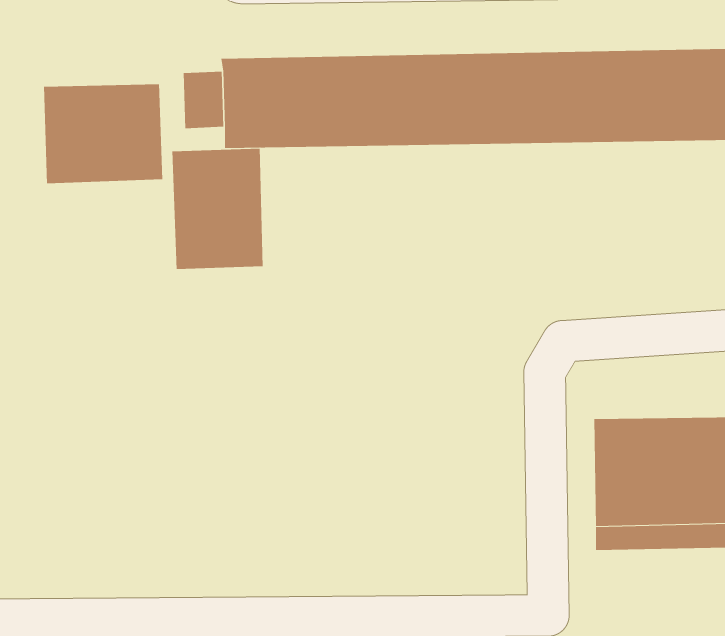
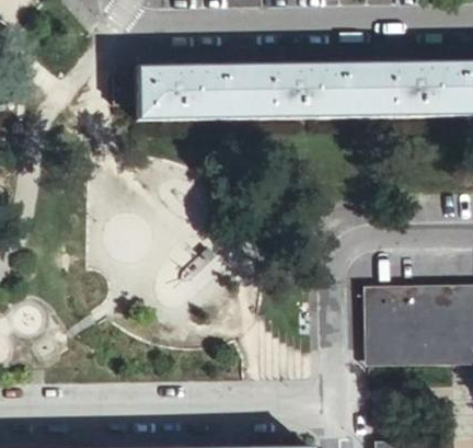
building: [43,84,163,184] -> none
building: [172,148,263,270] -> none

